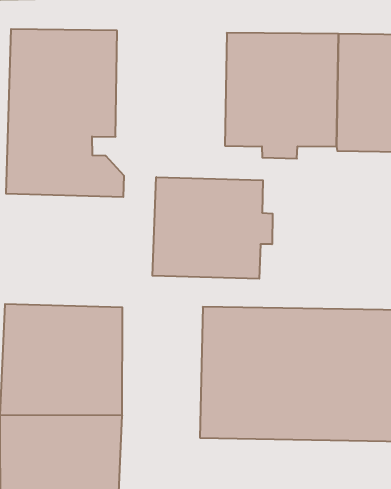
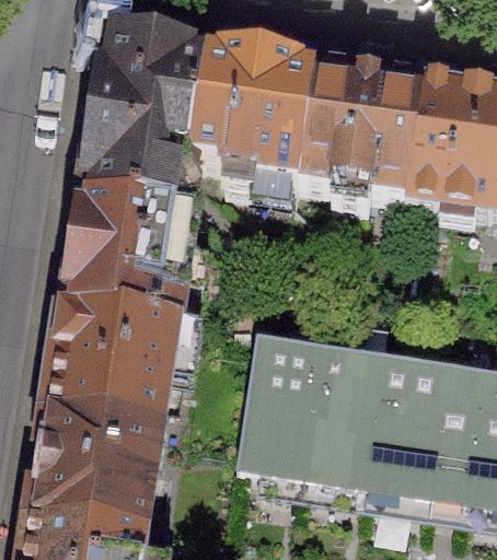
building: none -> [192,56,314,190]
building: [152,177,273,279] -> none
building: none -> [61,201,192,328]

